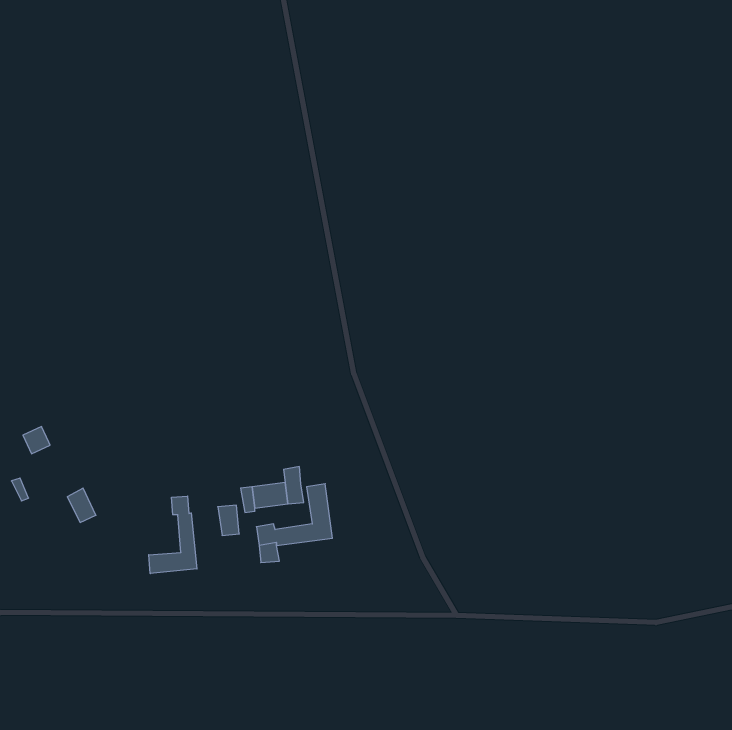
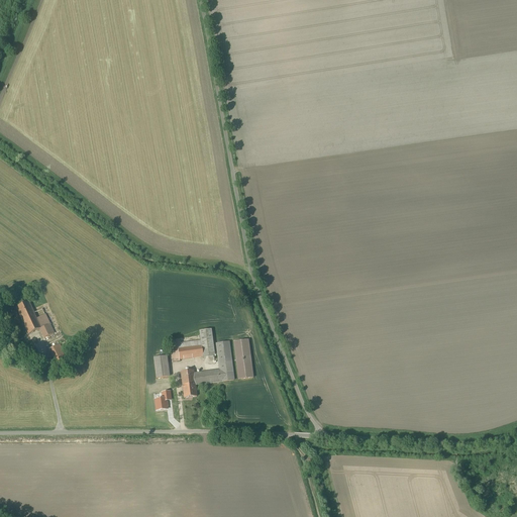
building: none -> [22,308,54,336]
building: none -> [234,339,252,379]
building: [149,496,197,574] -> none

